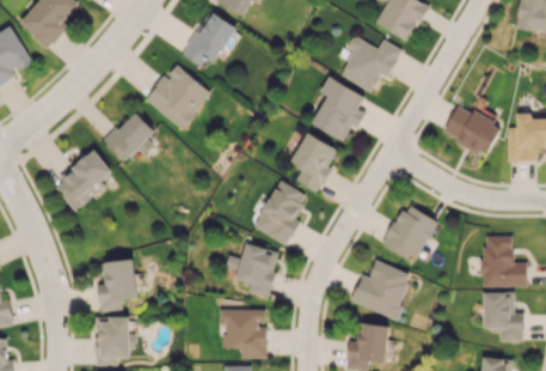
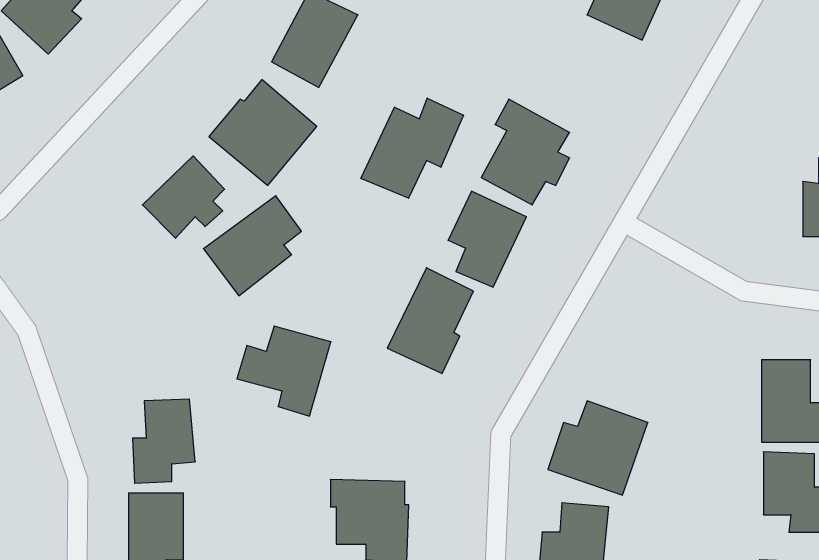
building: [339,35,401,92] -> none
building: none -> [361,98,463,198]
building: [442,104,501,156] -> none
building: [51,151,111,212] -> [203,196,301,296]
building: [382,203,437,262] -> none
building: [222,243,280,298] -> [237,326,331,416]

